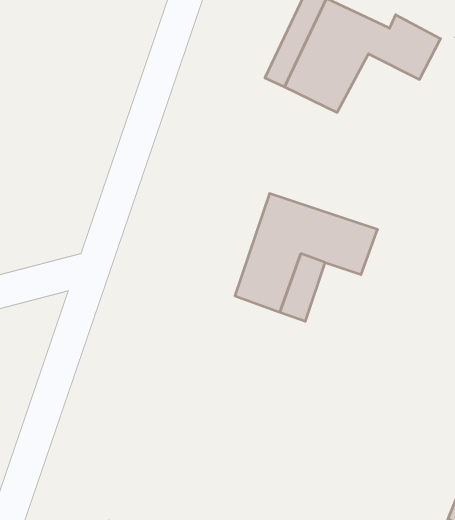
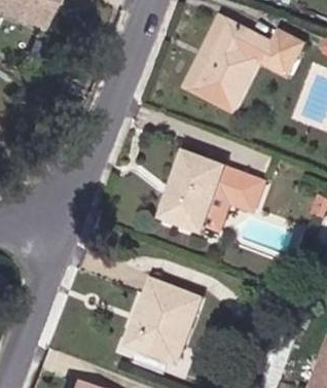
building: none -> [136,286,205,362]

